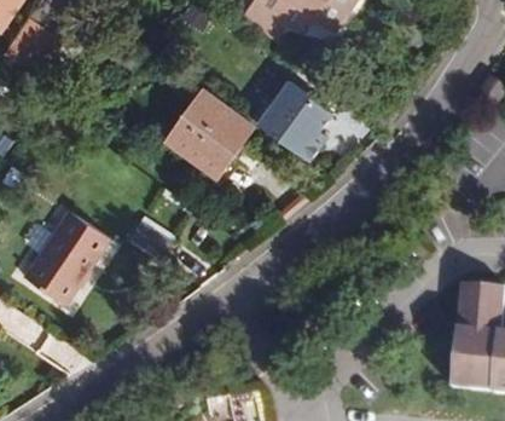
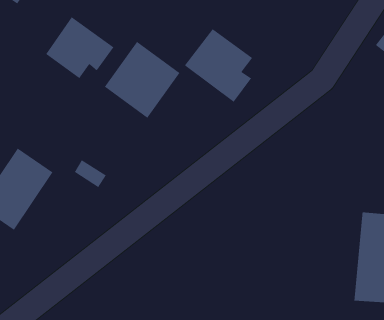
building: none -> [45,16,114,79]

